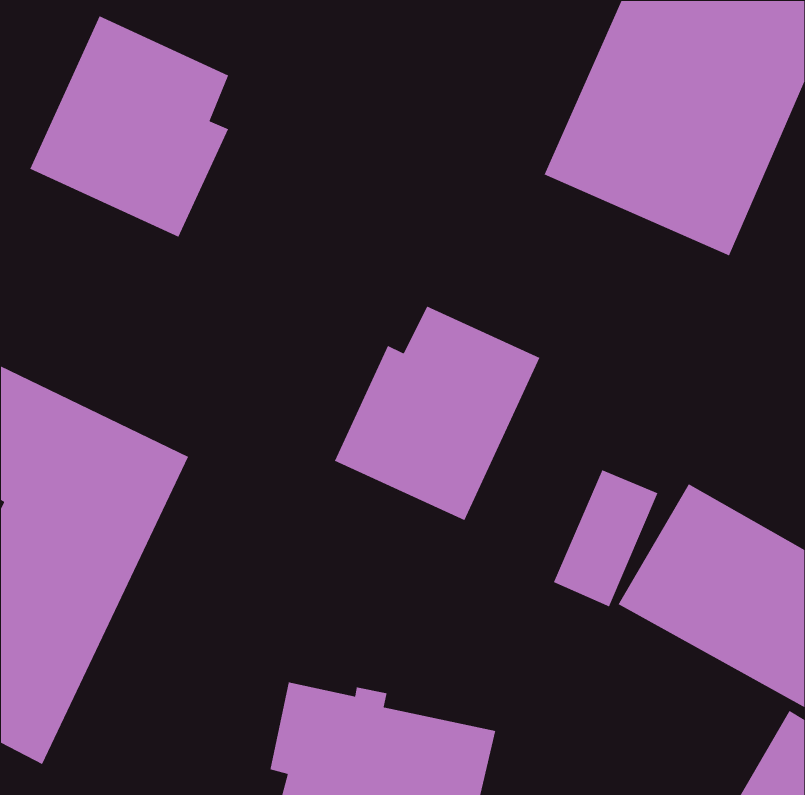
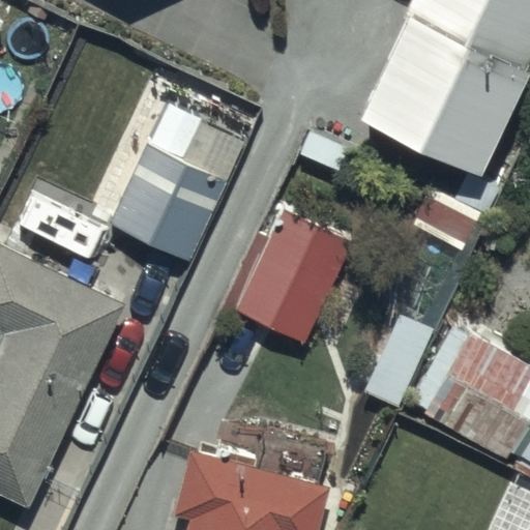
building: [29,15,229,238] -> none
building: none -> [109,102,248,266]

